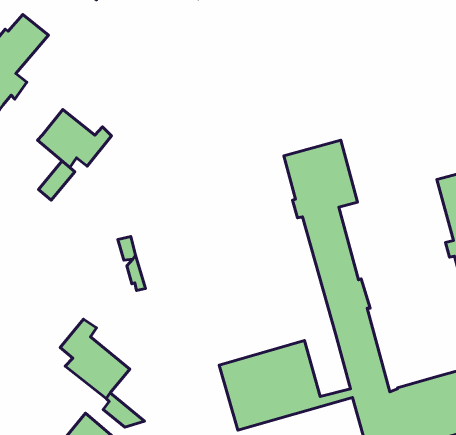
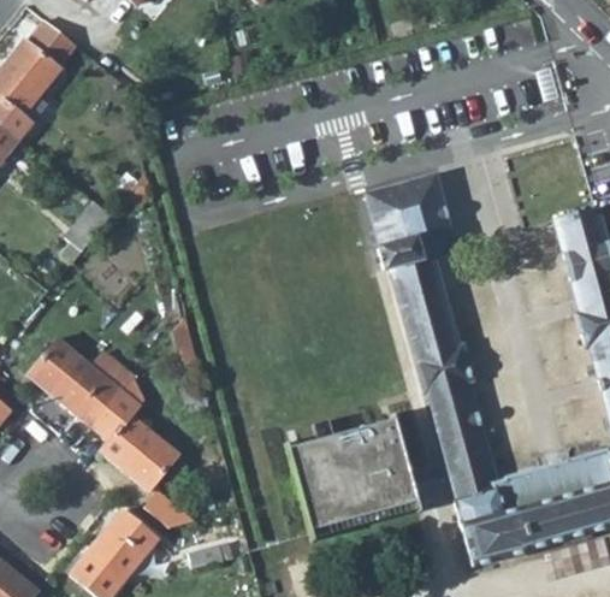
building: [38,110,111,167] -> none
building: none -> [30,341,132,427]

